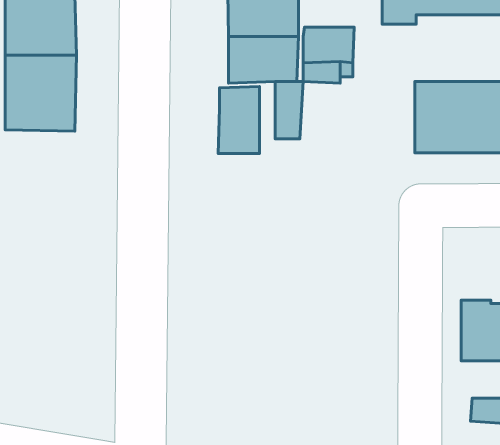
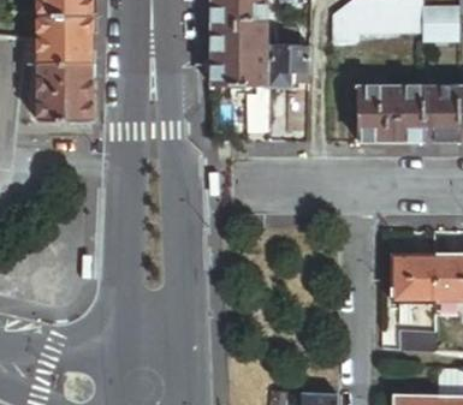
building: [218,86,259,153] -> none

